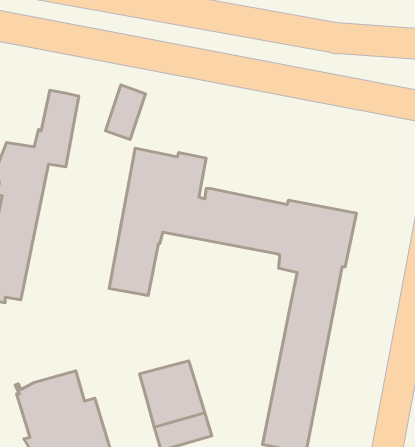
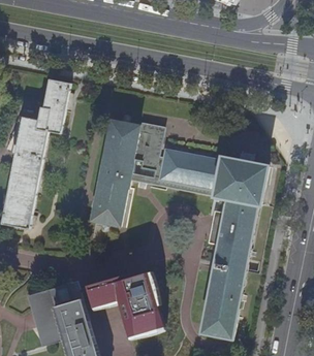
building: [106,85,146,140] -> none
building: none -> [90,280,121,305]

